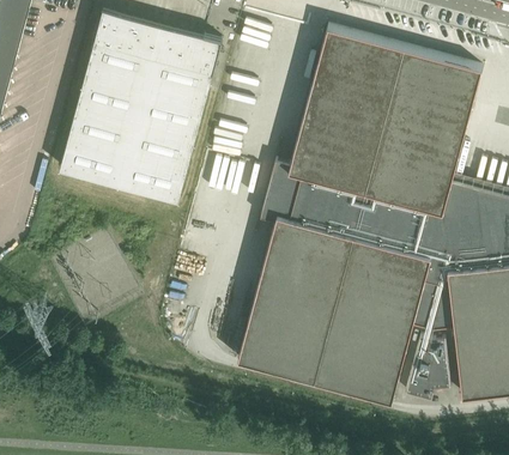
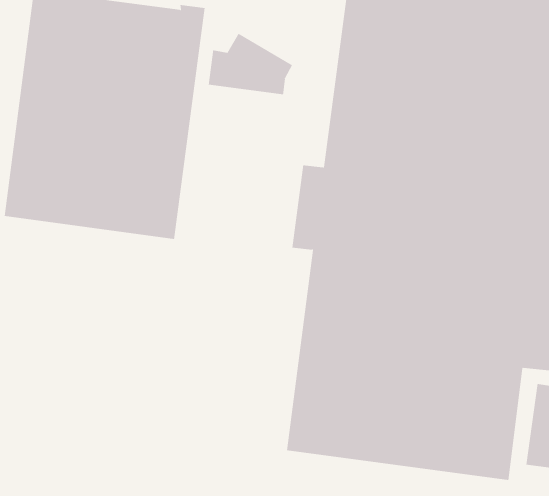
building: none -> [208,33,293,95]

